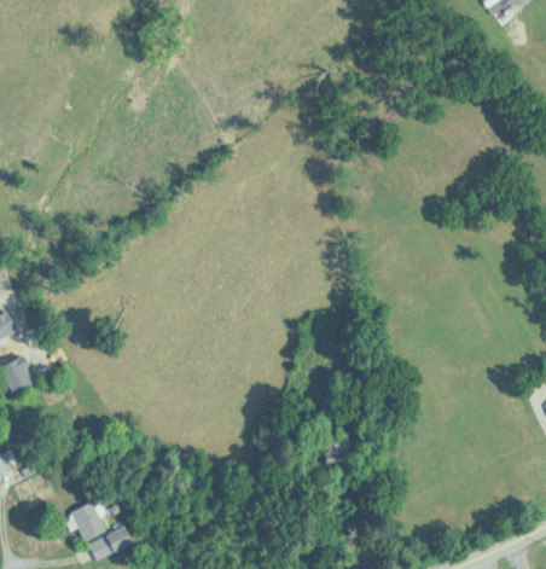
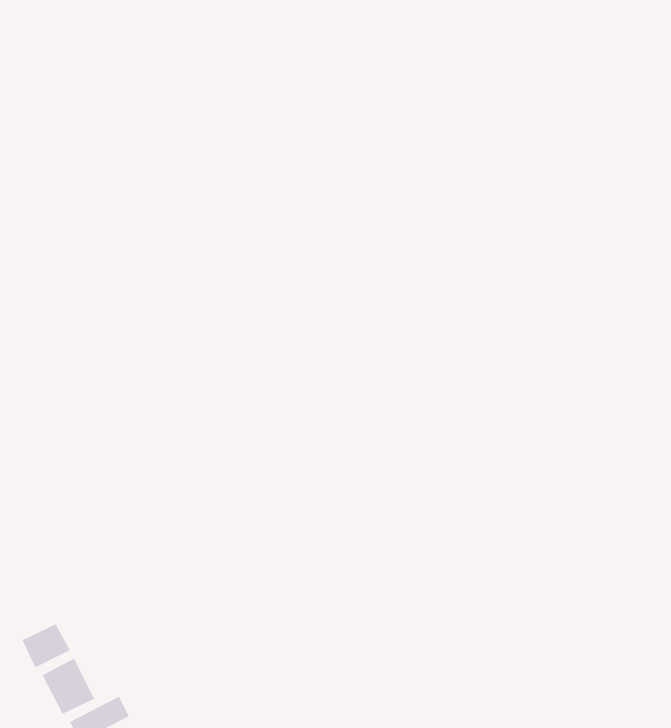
building: none -> [21,623,71,669]

